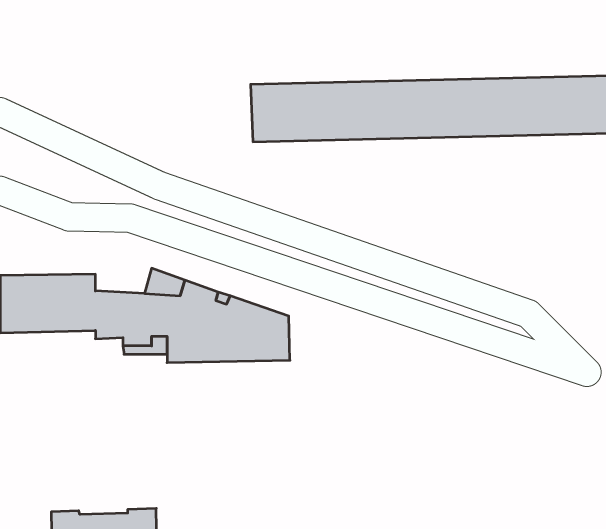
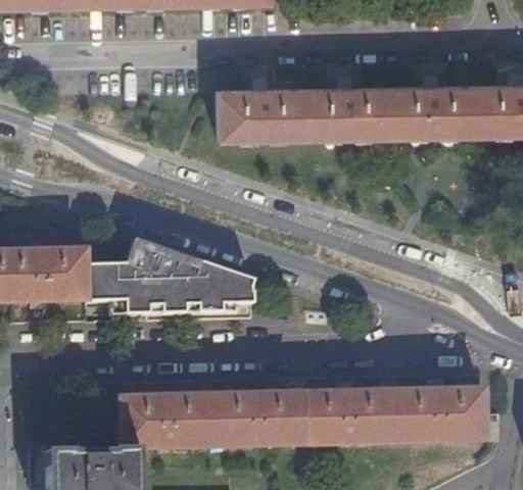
building: none -> [118,388,500,447]

